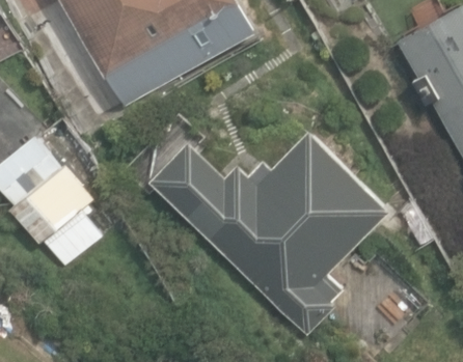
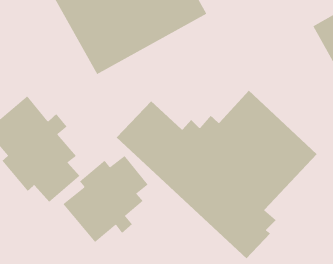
building: none -> [63,155,148,243]

